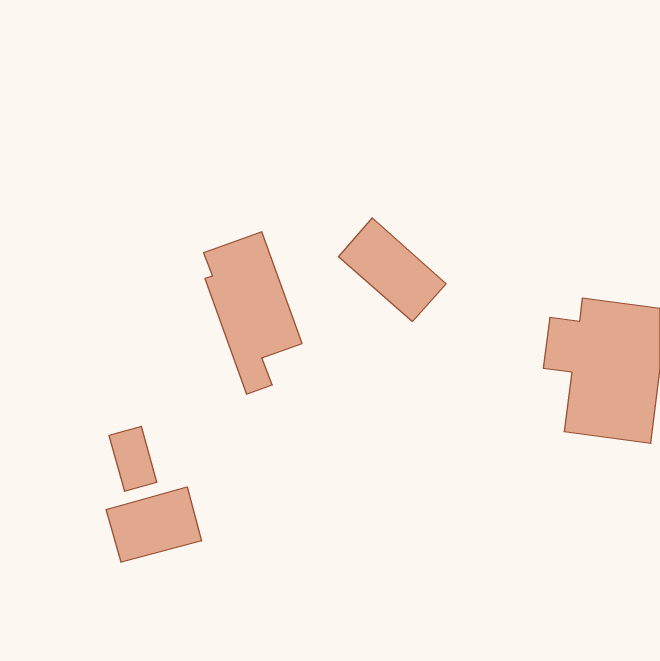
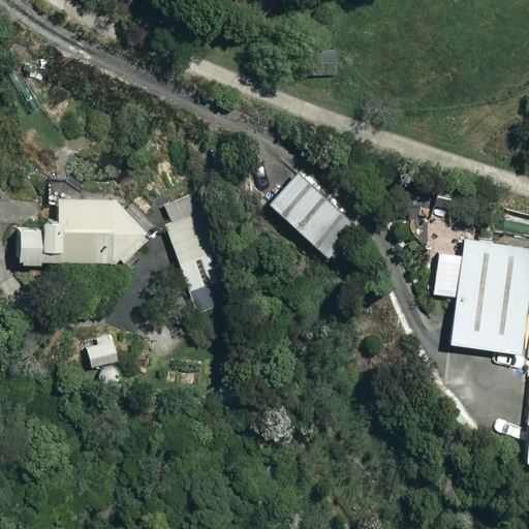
building: none -> [20,197,146,264]
building: [106,487,202,562] -> none

